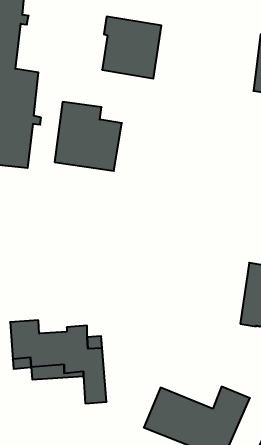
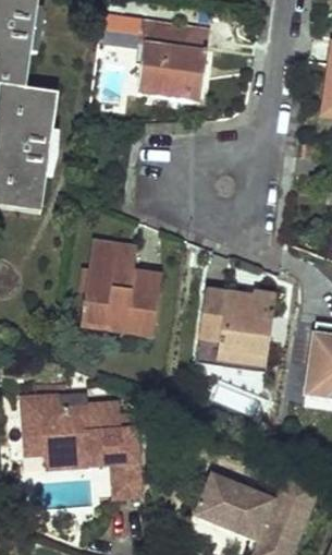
building: [55,102,122,171] -> [81,246,163,331]
building: none -> [196,289,272,364]

